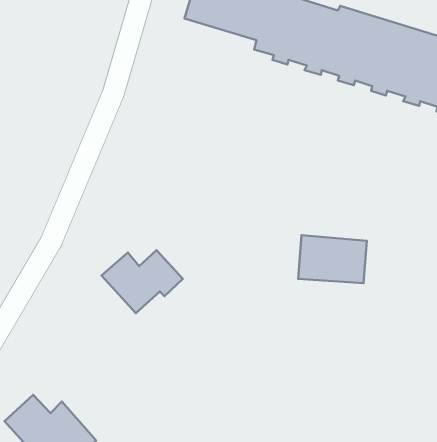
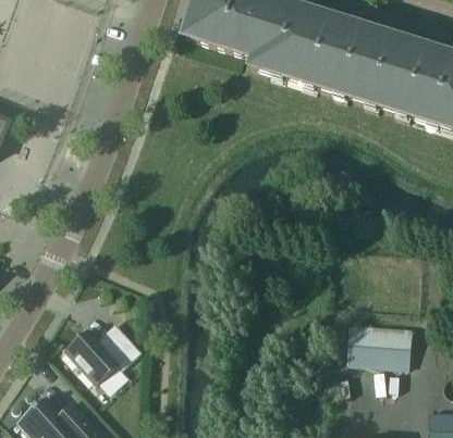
building: [298,235,367,283] -> [346,320,412,365]
building: [102,250,183,313] -> [61,321,138,380]

